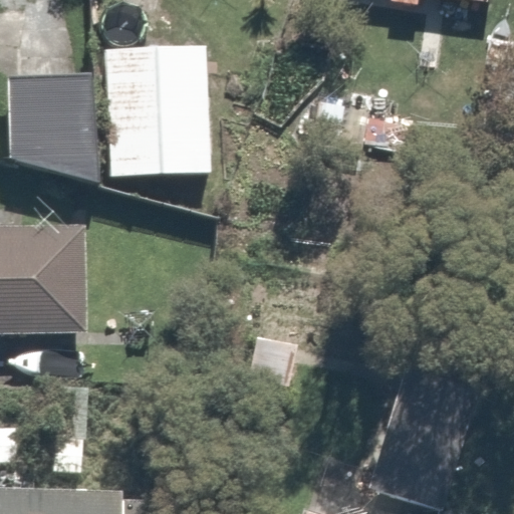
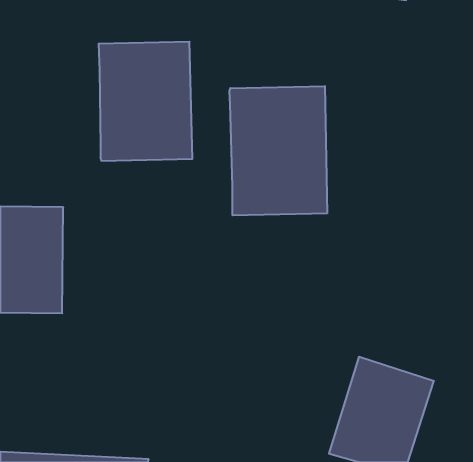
building: [10,76,111,186] -> none
building: none -> [230,86,327,215]

